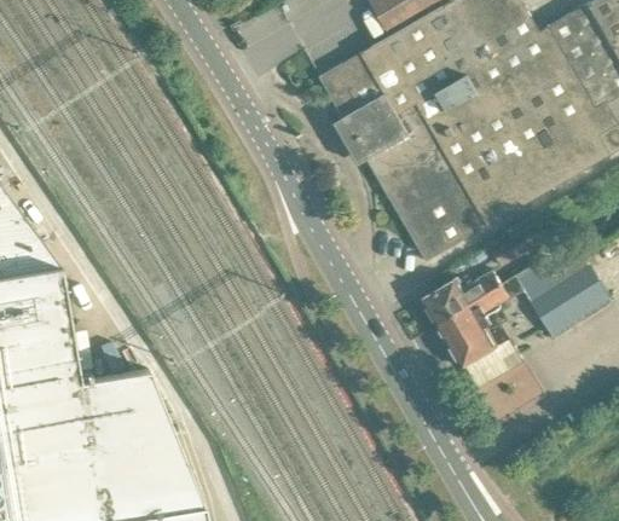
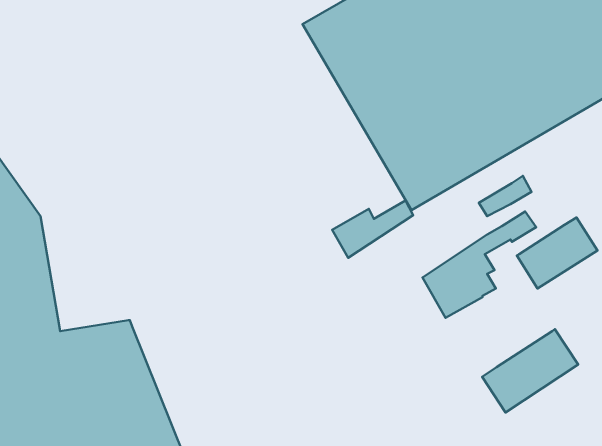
building: [421,270,501,326] -> [332,200,413,258]
building: none -> [482,329,578,412]

